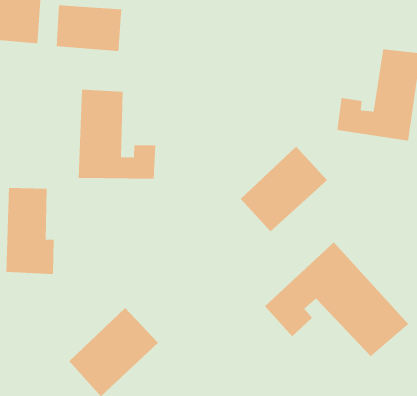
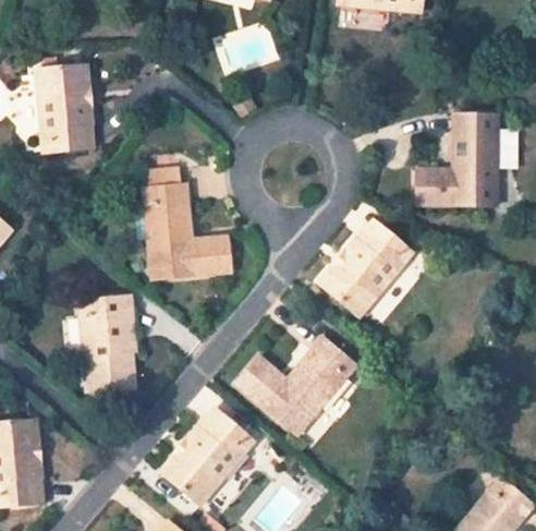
building: [56,5,122,52] -> none
building: [264,242,409,357] -> none
building: none -> [236,337,357,435]

